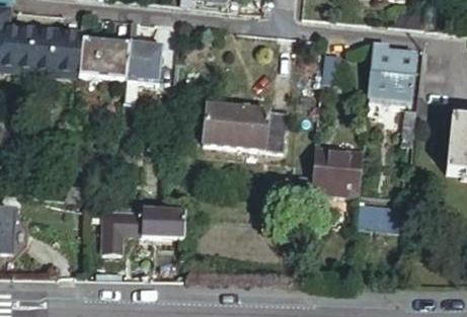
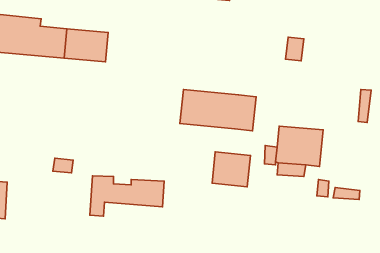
building: [123,18,161,102] -> none
building: [370,43,413,102] -> none
building: none -> [212,152,250,187]

